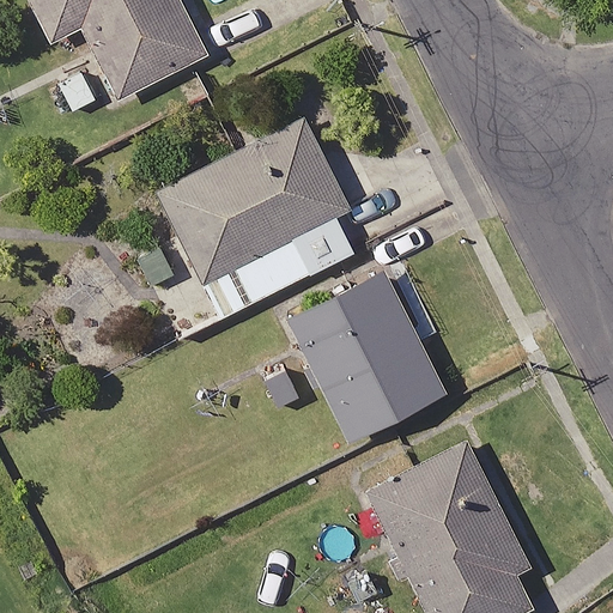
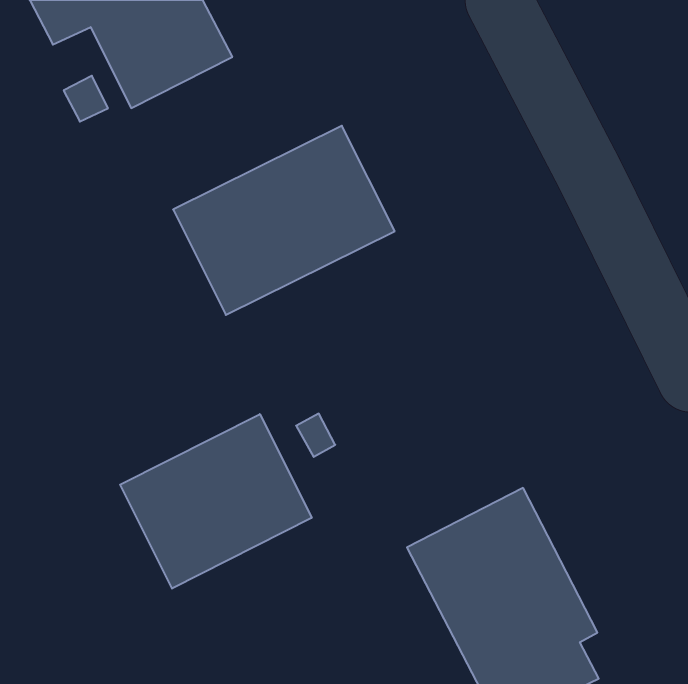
building: [285,269,447,442] -> none
building: none -> [120,414,312,589]

